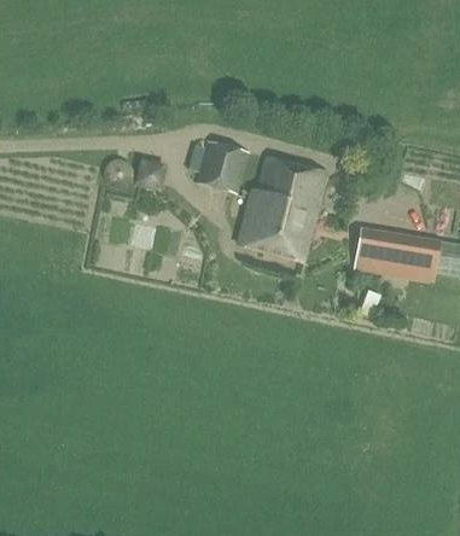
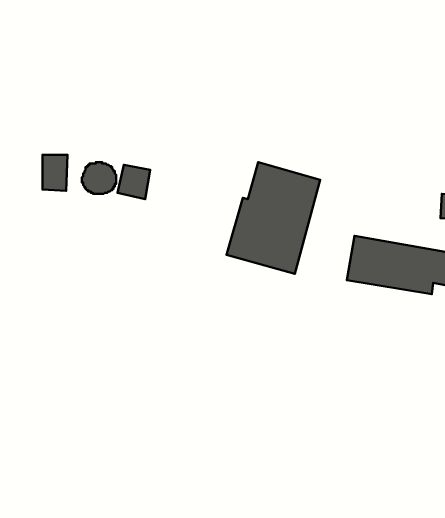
building: [187,139,248,192] -> none
building: none -> [43,155,68,191]

